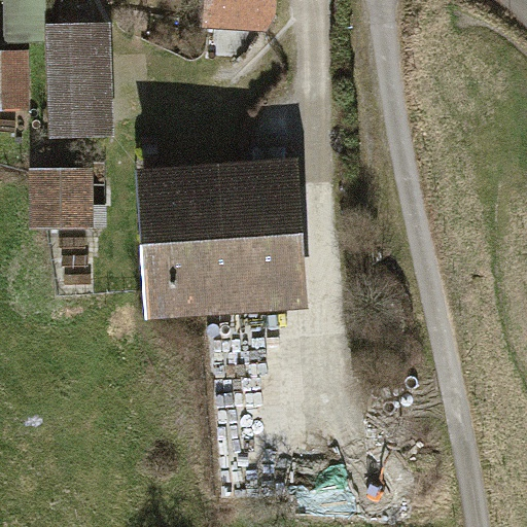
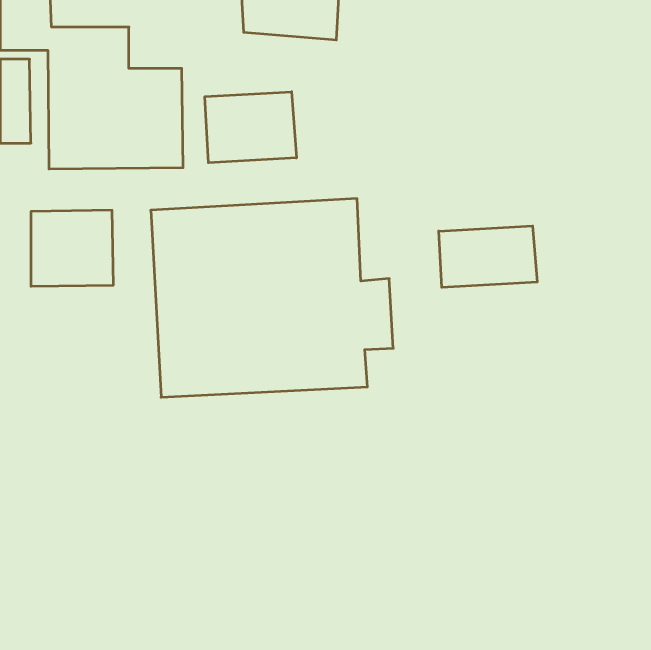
building: none -> [205,92,296,163]
building: none -> [439,226,537,287]

